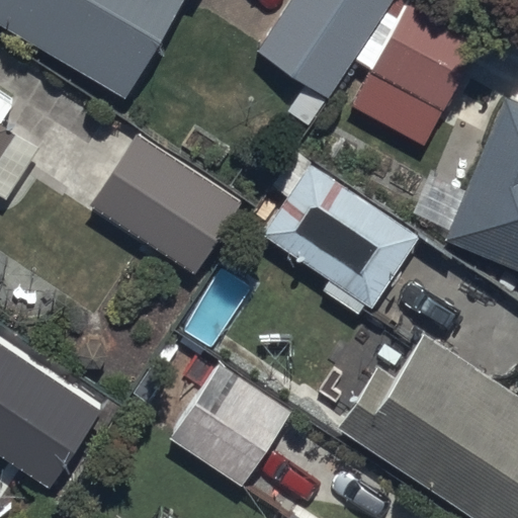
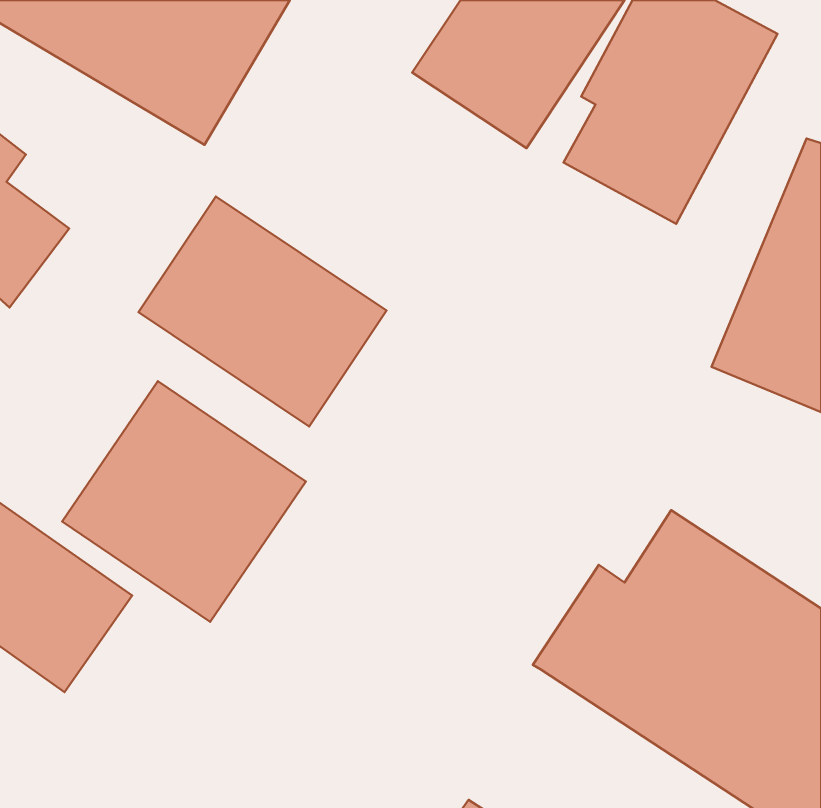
building: [259,146,424,319] -> none
building: none -> [62,381,306,622]
building: [166,358,293,488] -> none

